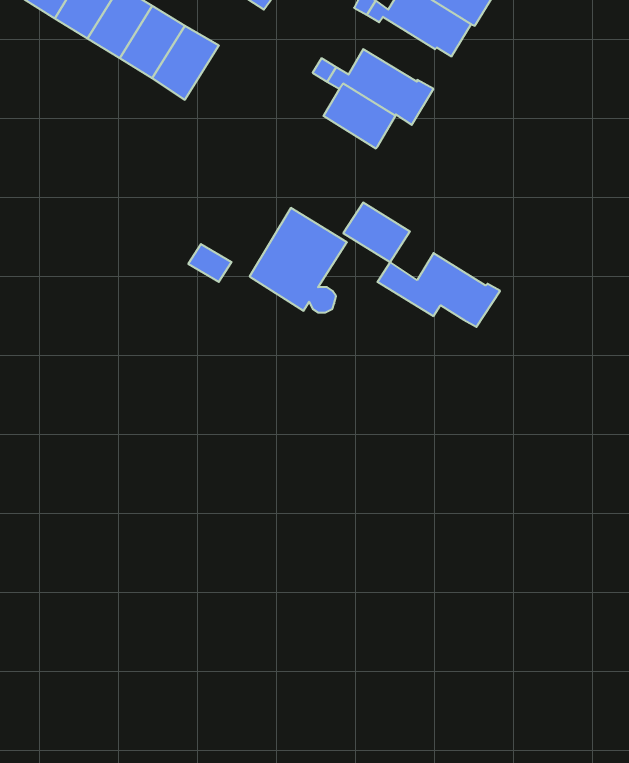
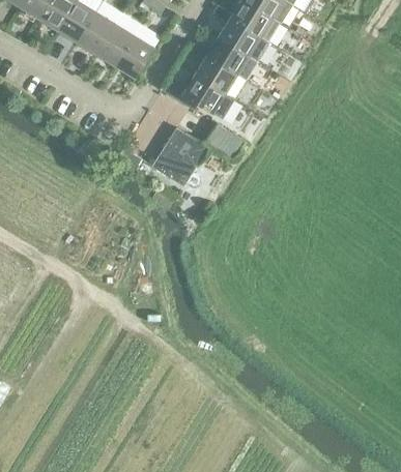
building: none -> [219,18,269,59]
building: none -> [116,34,154,77]
building: [377,253,500,327] -> [164,75,234,117]

